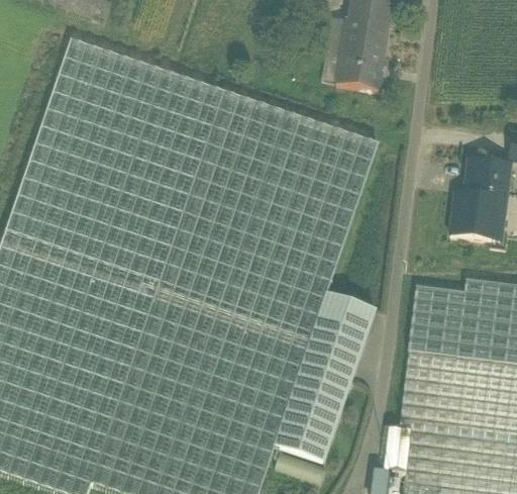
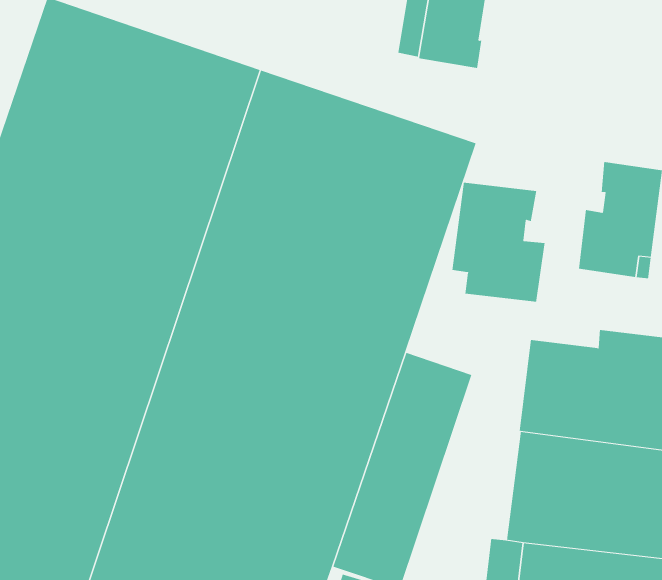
building: none -> [452,182,545,302]

